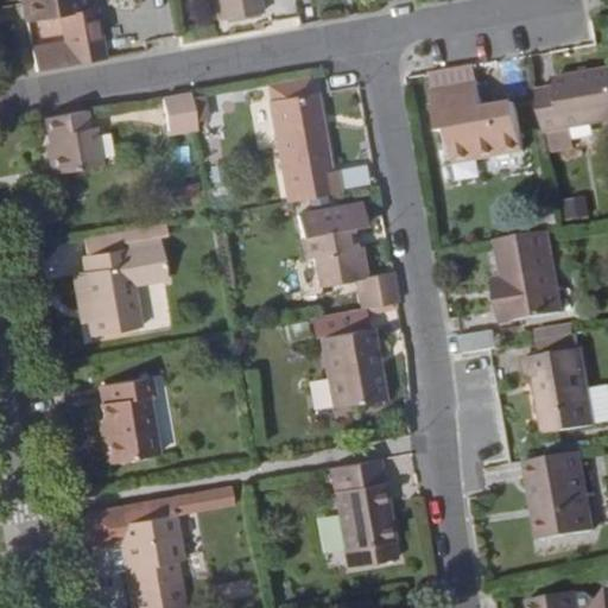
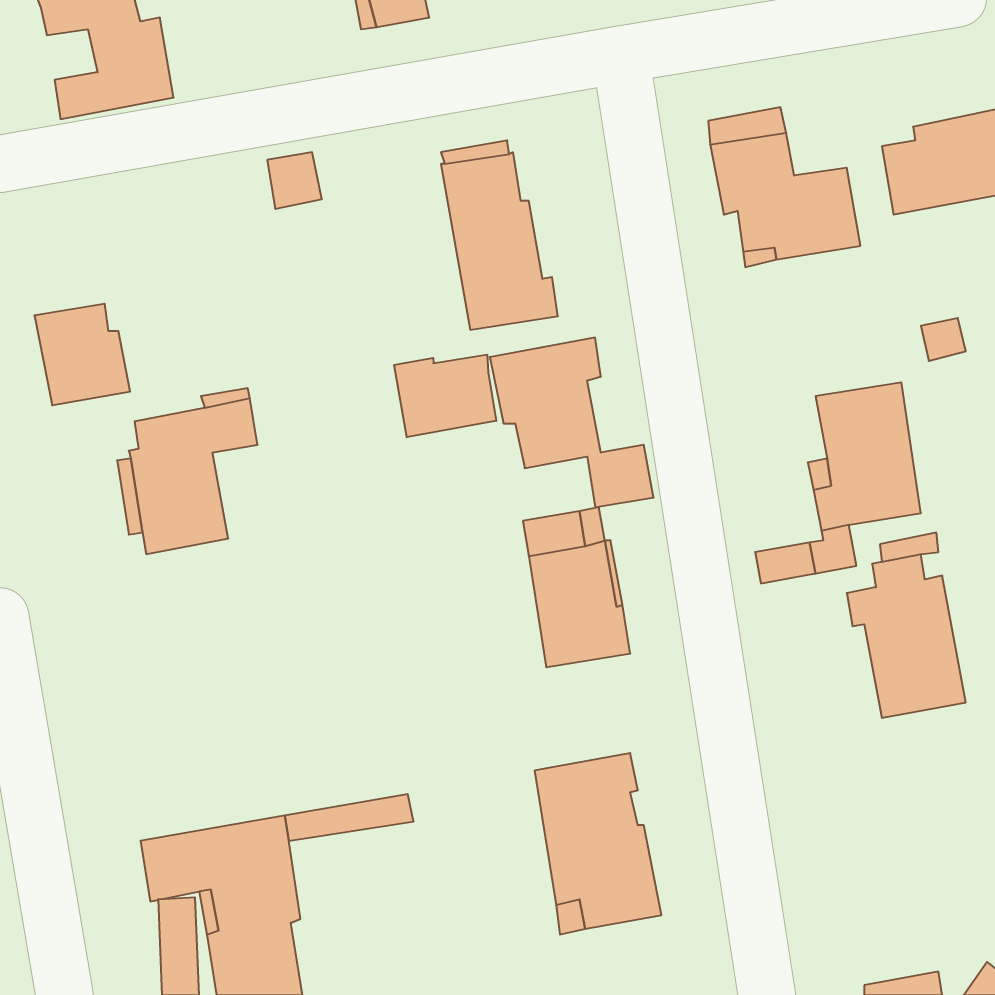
building: [46,112,104,173] -> [34,304,130,405]
building: none -> [394,355,496,437]
building: [95,374,160,462] -> none
building: [512,452,589,540] -> none

